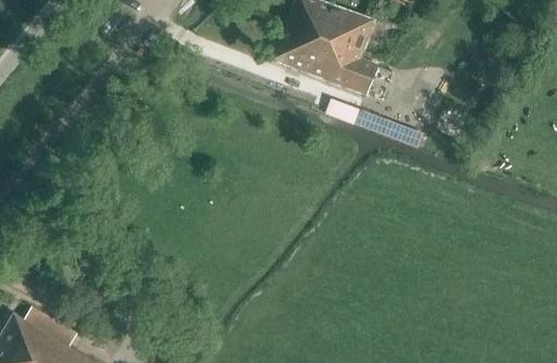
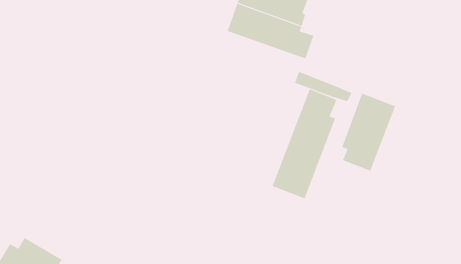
building: none -> [272,89,337,199]
building: none -> [341,93,396,172]

